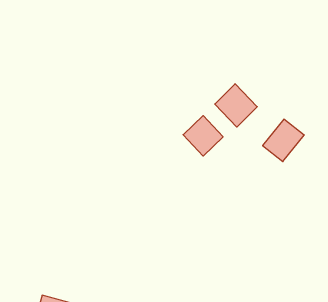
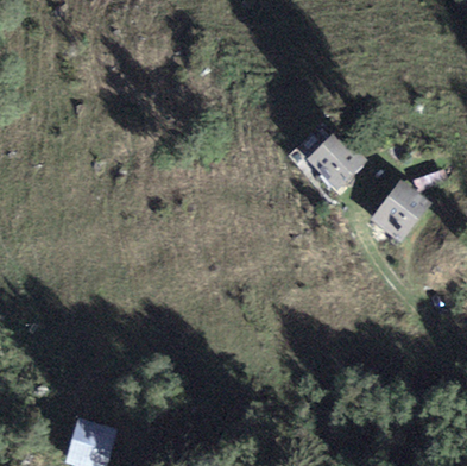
building: [183,116,223,156] -> none

